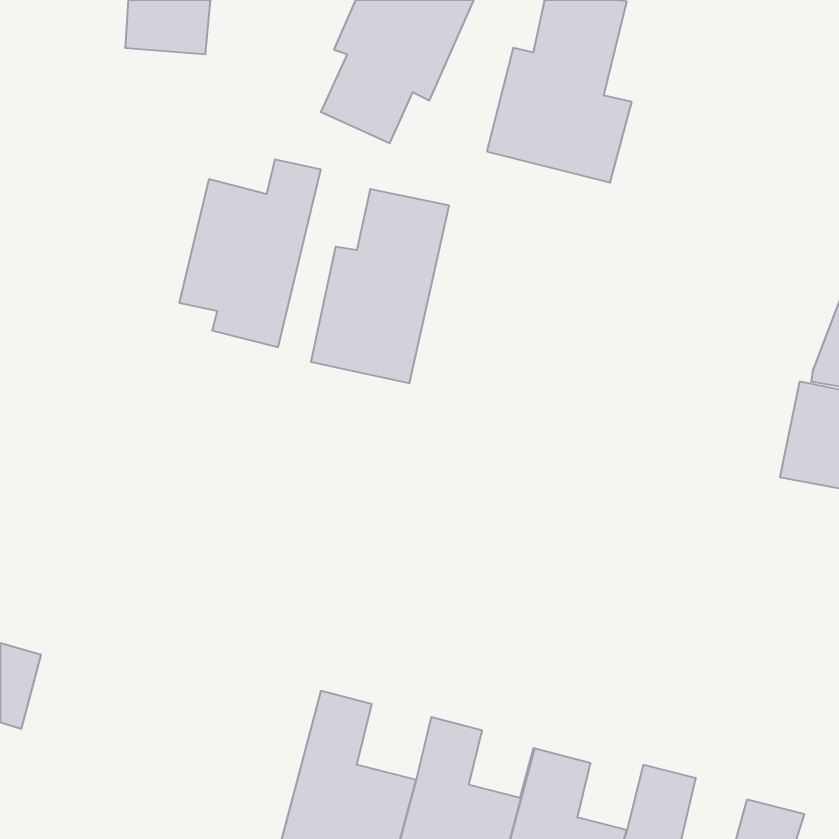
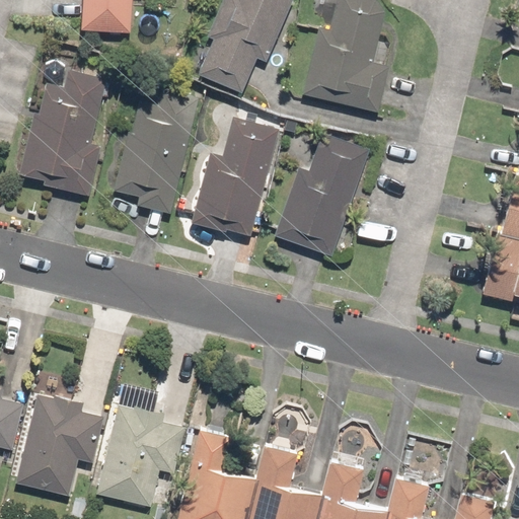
building: none -> [21,70,107,200]
building: none -> [269,131,372,257]
building: none -> [11,391,105,497]
building: none -> [96,405,187,506]

